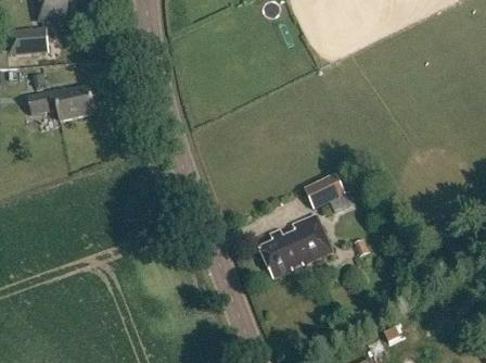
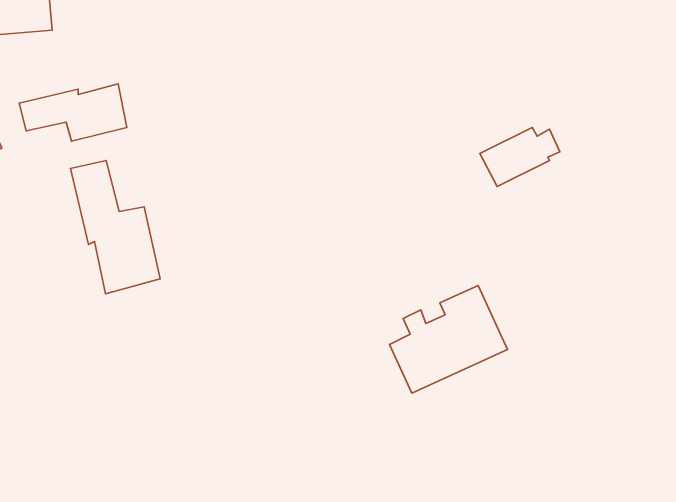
building: none -> [71,161,160,294]
building: [302,171,351,208] -> [480,128,560,187]

